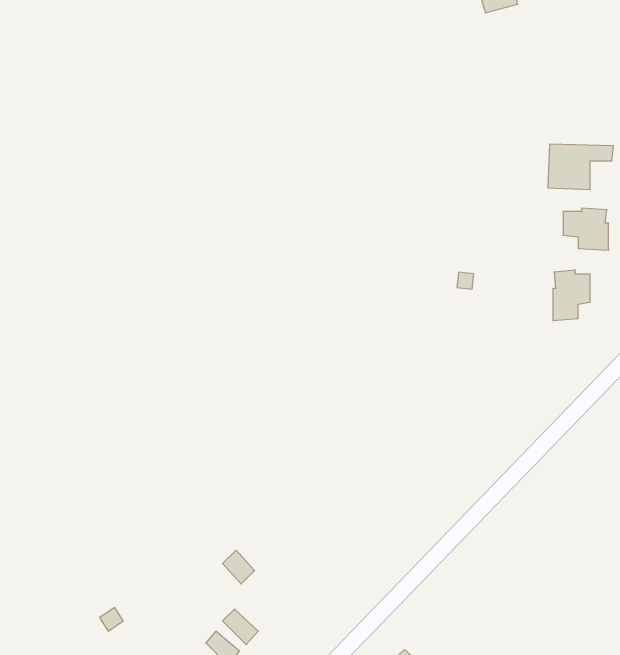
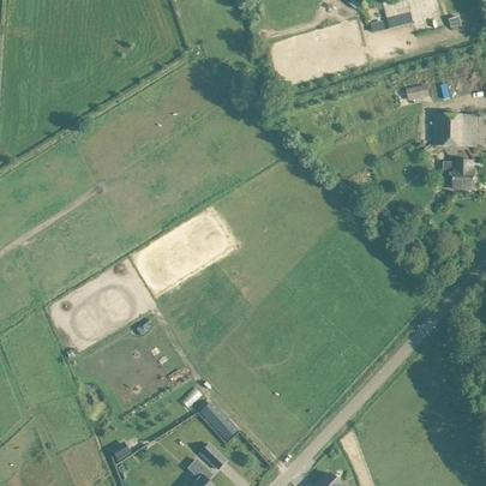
building: [553,270,590,321] -> none

